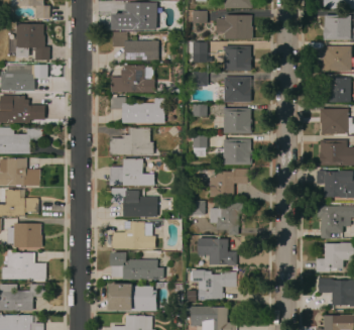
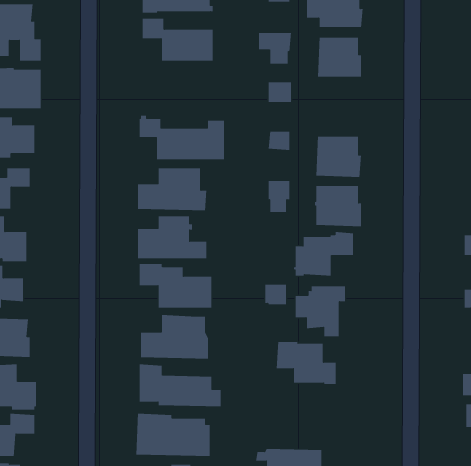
building: [111,66,155,93] -> none
building: [215,77,251,102] -> none
building: [191,270,236,301] -> none

